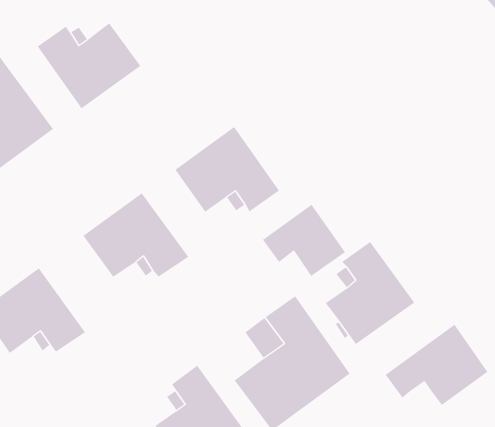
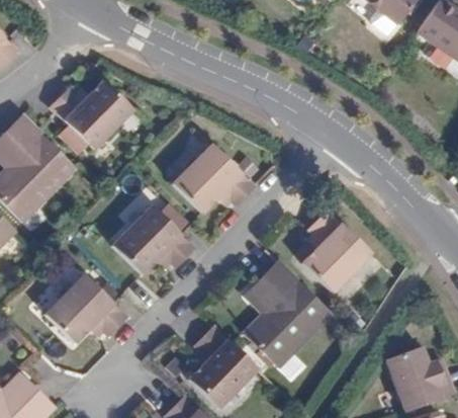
building: [262,204,346,277] -> none
building: [385,324,488,406] -> none

